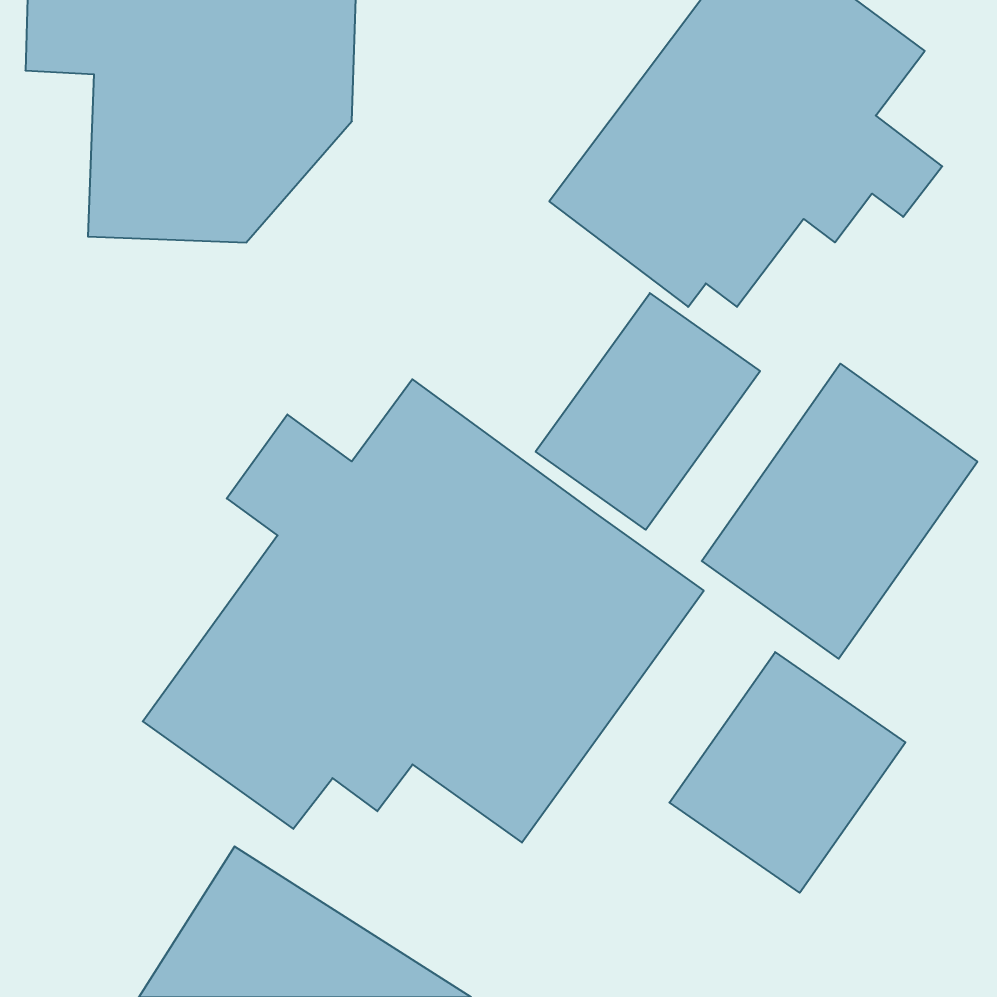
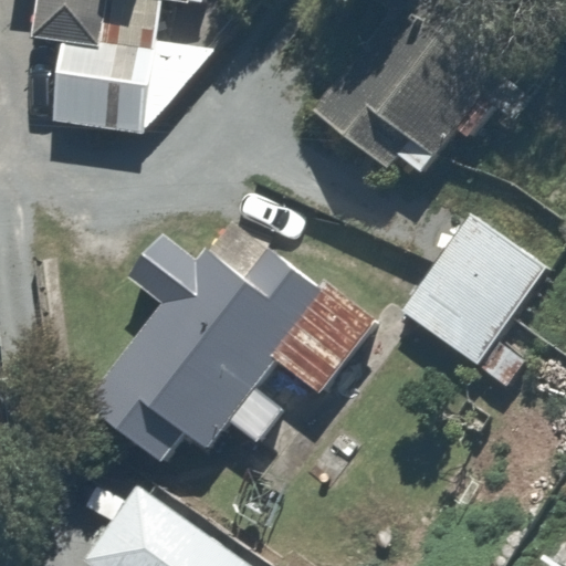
building: [536,293,760,530] -> none
building: [669,652,905,893] -> none

